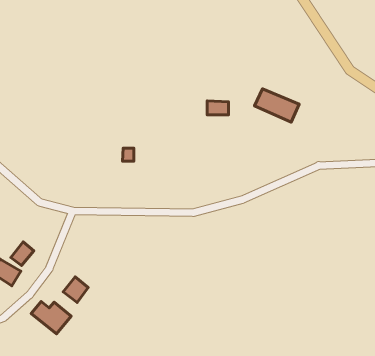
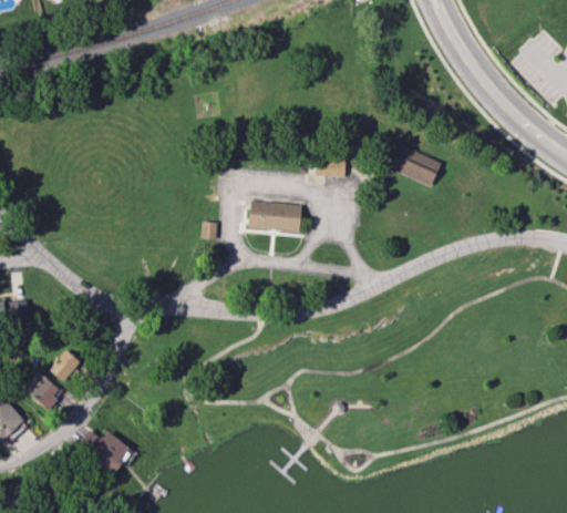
building: none -> [249,202,301,232]
building: [63,277,88,302] -> none

